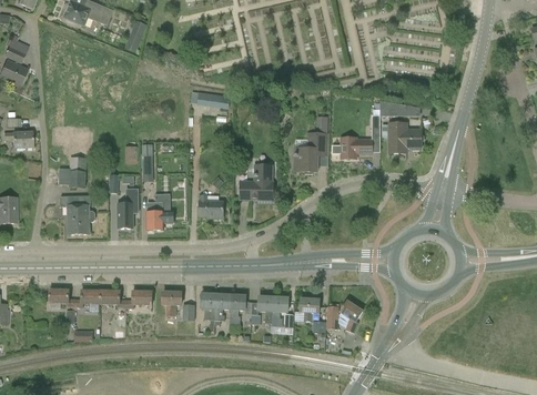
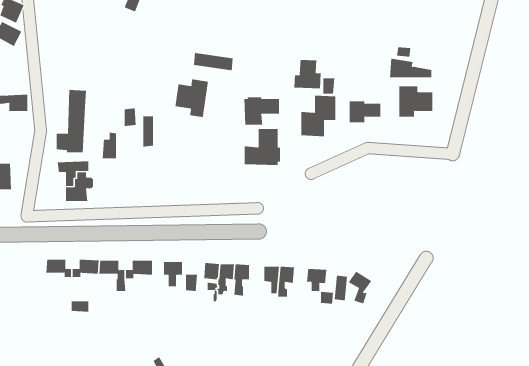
building: none -> [294,59,321,89]
building: none -> [175,79,208,118]
building: none -> [244,96,280,125]
building: [118,190,139,231] -> none
building: [146,194,163,230] -> none
building: [199,194,223,217] -> none

